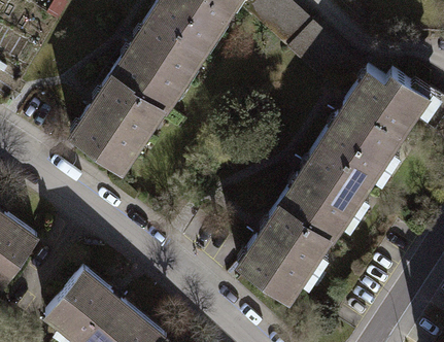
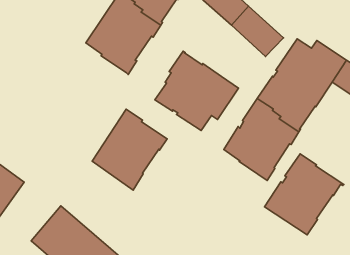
building: [72,75,163,173] -> [92,109,167,190]
building: none -> [155,51,238,131]
building: [237,204,333,302] -> [264,154,344,235]

